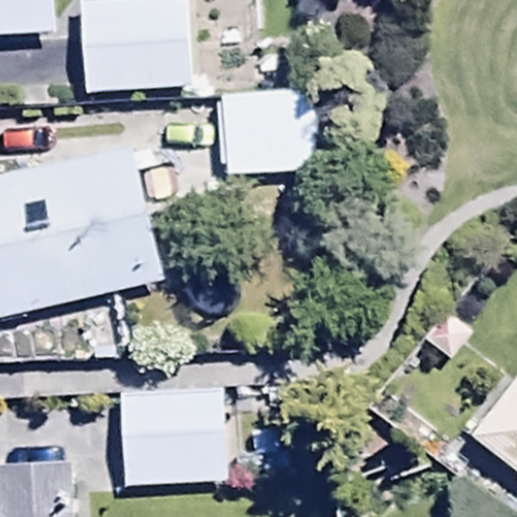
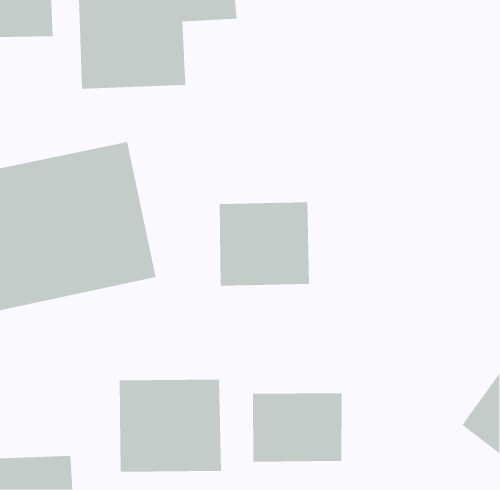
building: [220,89,313,175] -> [219,202,310,286]
building: none -> [252,392,342,462]

